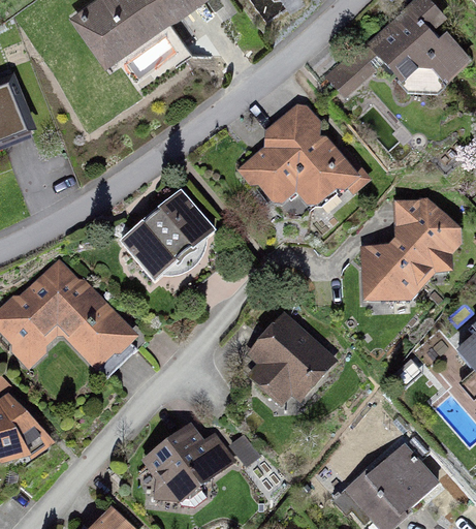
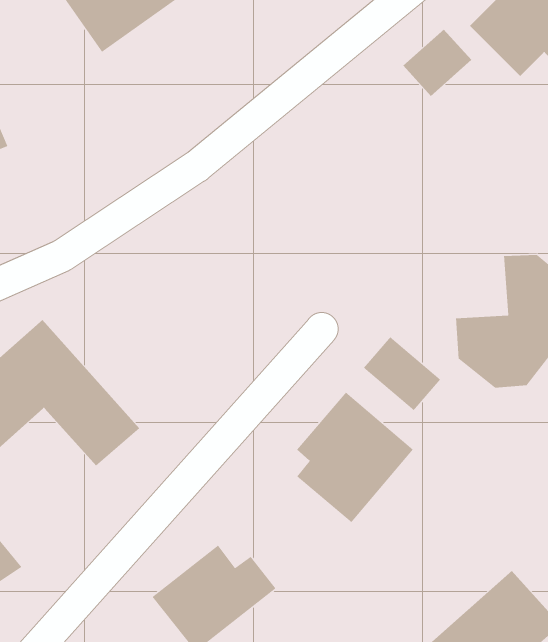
building: [242,102,367,207] -> none
building: [119,188,215,281] -> none
building: none -> [363,336,441,411]

